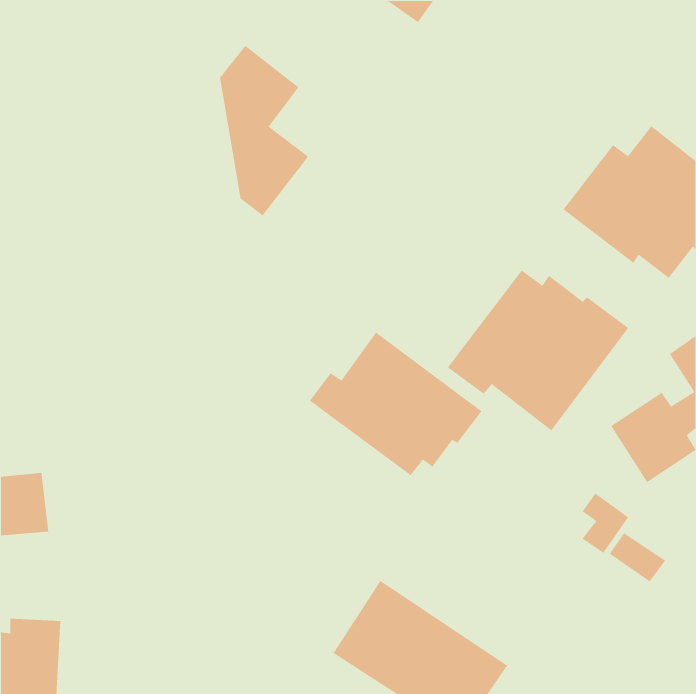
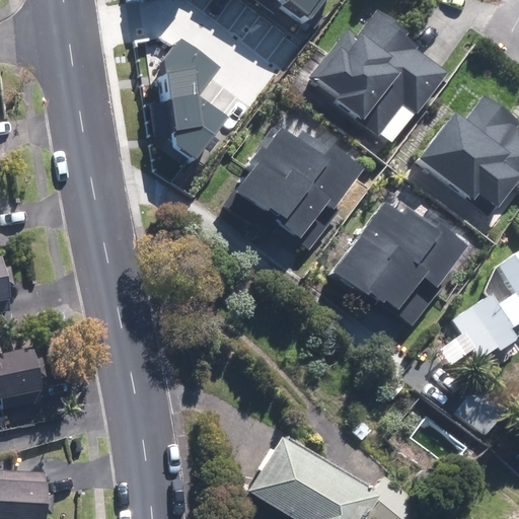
building: none -> [310,9,447,138]
building: none -> [232,112,366,248]
building: [309,331,482,476] -> none

